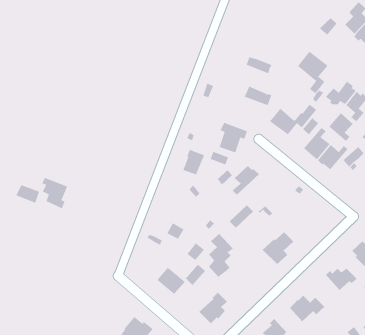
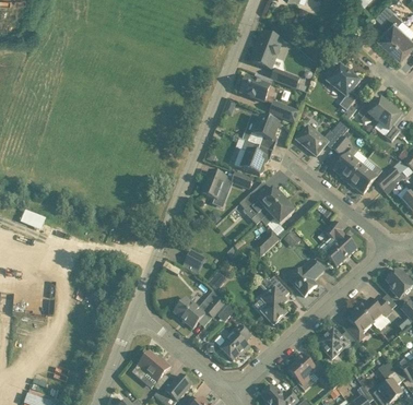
building: none -> [251,32,281,69]
building: none -> [239,73,272,102]
building: none -> [246,117,278,151]
building: [328,112,353,142] -> none
building: none -> [260,198,294,226]
building: [41,177,68,209] -> none
building: none -> [323,222,356,266]
building: [208,233,233,277] -> [261,276,288,324]
building: none -> [346,307,371,341]

